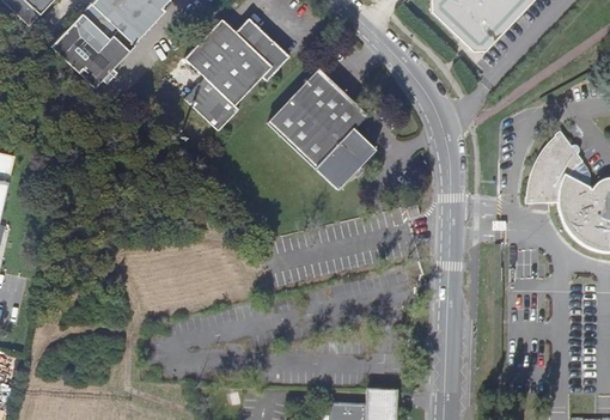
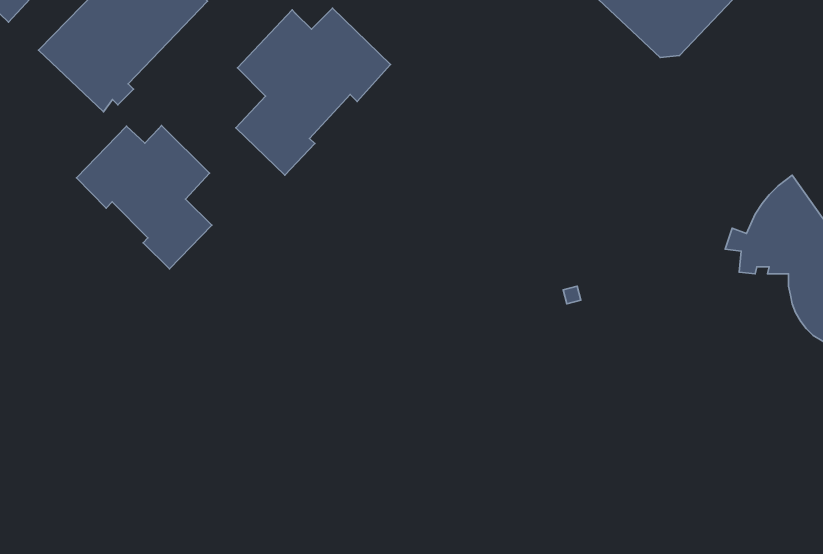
building: [268,69,376,189] -> none
building: none -> [77,126,212,269]

